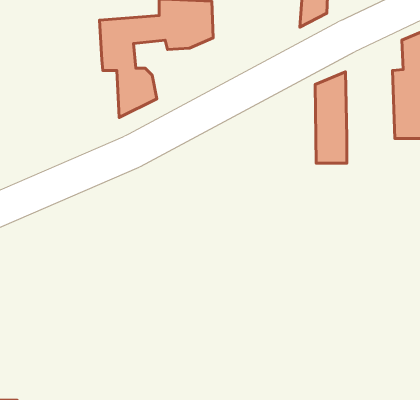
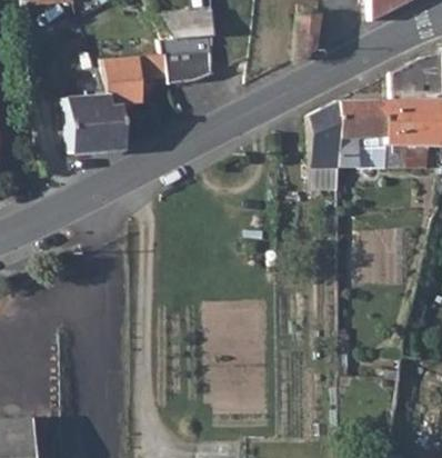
building: none -> [67,93,120,152]
building: none -> [334,103,381,168]

